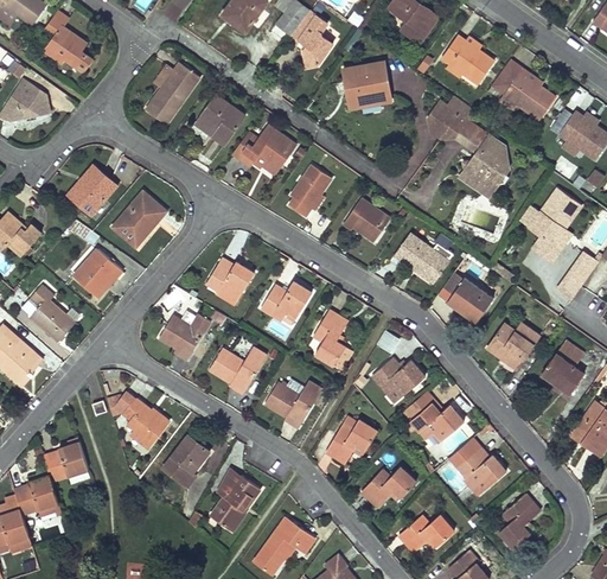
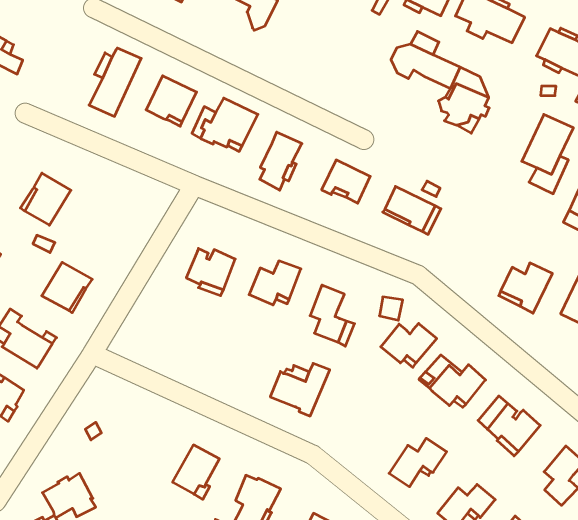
building: [343,62,390,108] -> none
building: [111,191,166,246] -> none
building: [447,278,492,322] -> none
building: [158,313,210,360] -> none
building: [209,346,266,394] -> none
building: [107,393,168,447] -> none
building: [325,419,377,463] -> none

